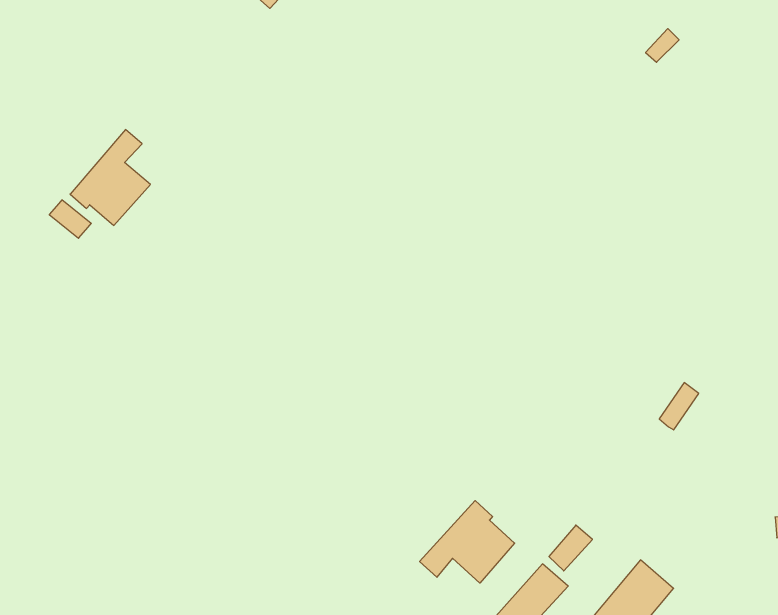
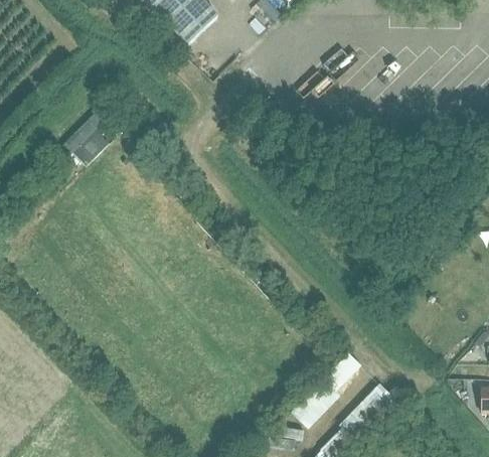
building: [420,501,515,583] -> none

